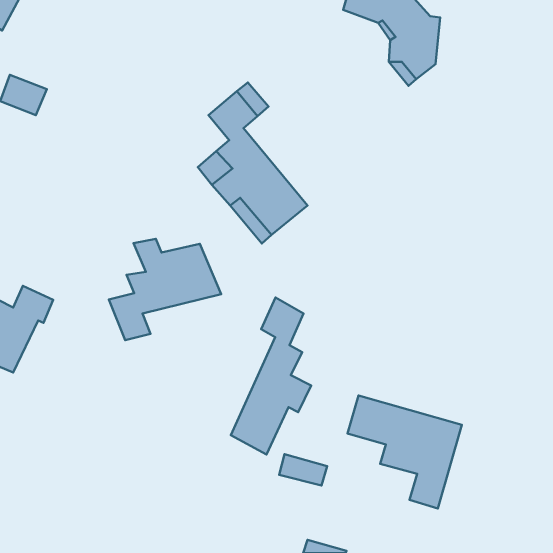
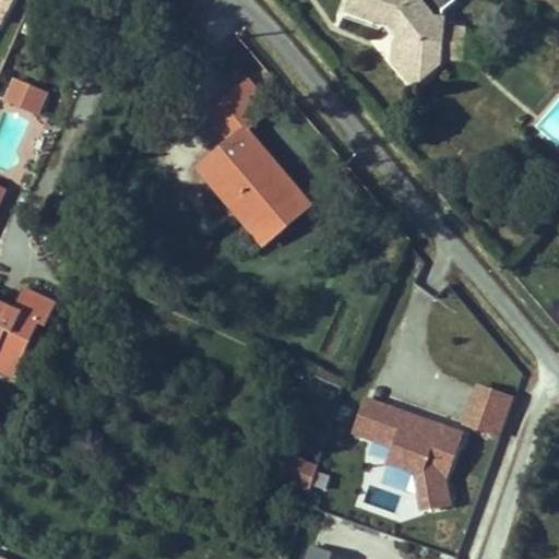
building: [109,239,221,340] -> none
building: [231,297,311,455] -> none
building: none -> [461,383,512,438]

